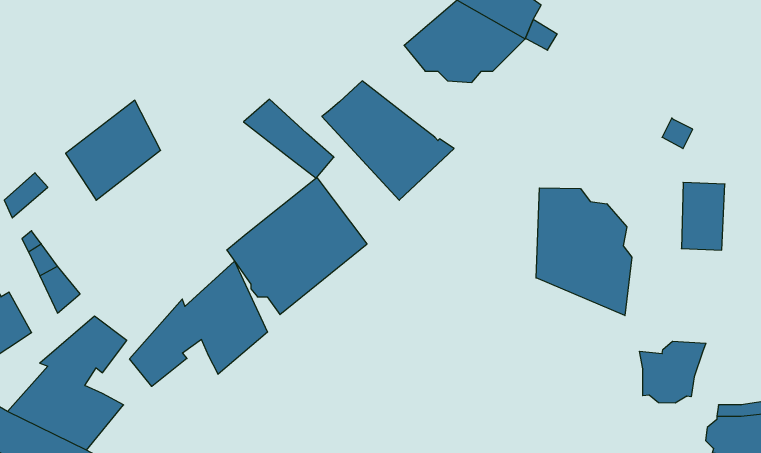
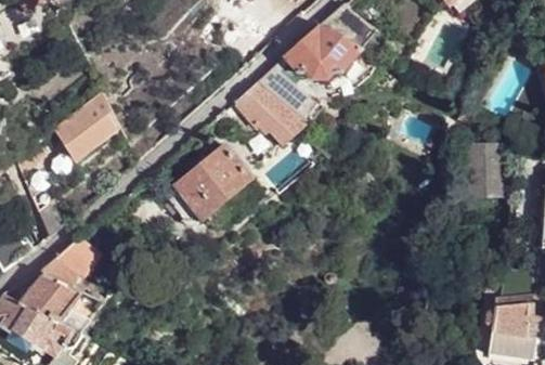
building: [244,99,334,178] -> [255,65,315,118]
building: [536,188,632,316] -> none
building: [130,261,268,386] -> none
building: [639,341,706,403] -> none

